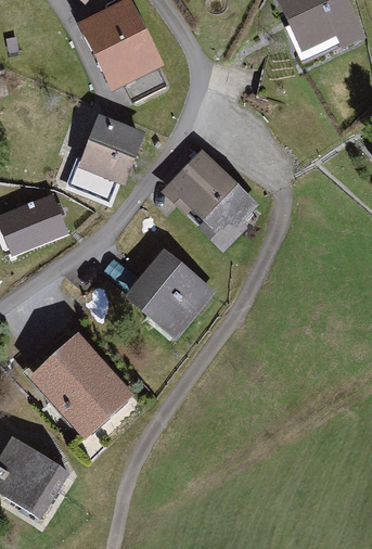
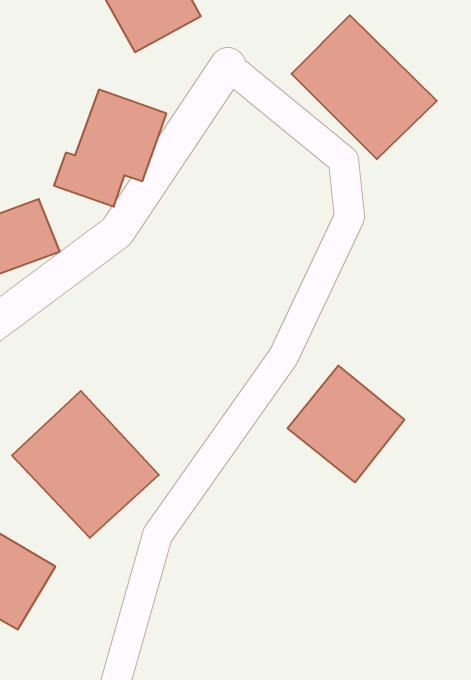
building: [154,151,259,255] -> [291,15,437,159]
building: [127,253,211,337] -> [287,366,404,482]

